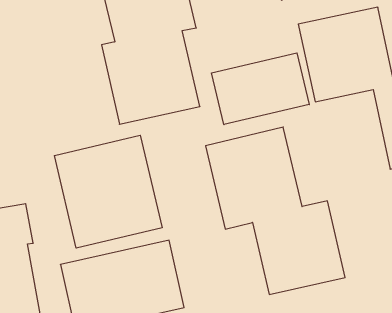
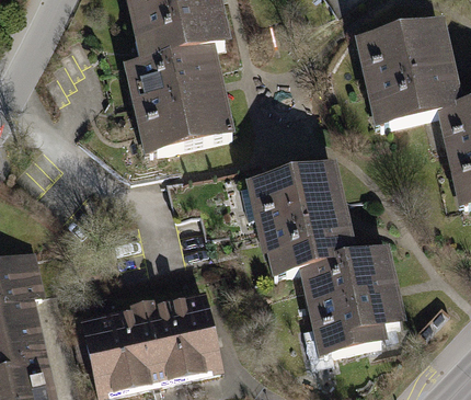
building: [212,53,309,125] -> none
building: [54,135,162,248] -> none

